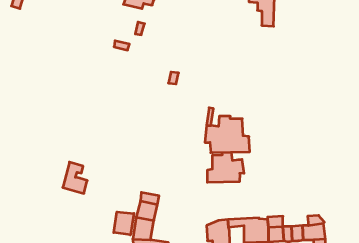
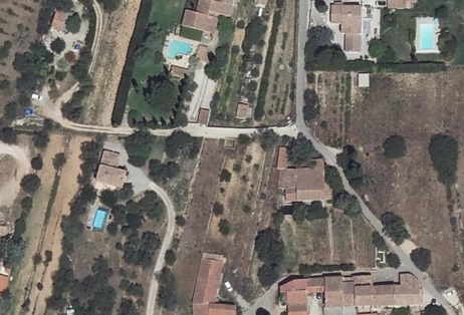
building: [207,152,244,182] -> none
building: [63,162,87,193] -> [96,150,126,188]
building: [114,212,134,235] -> none

